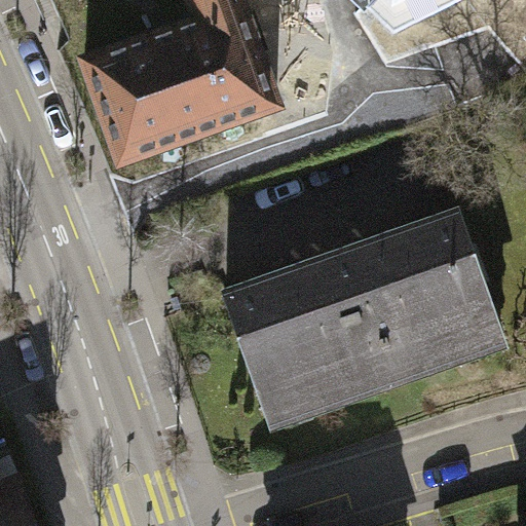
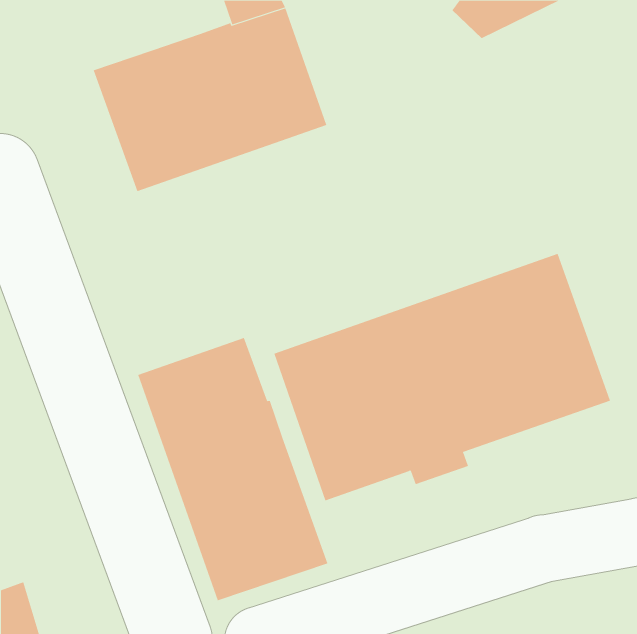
building: none -> [137,337,328,601]

